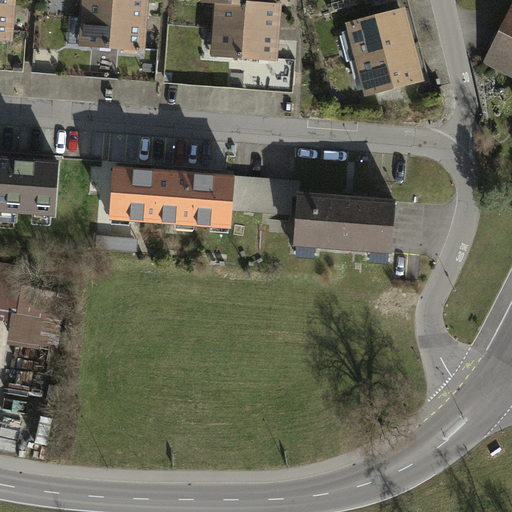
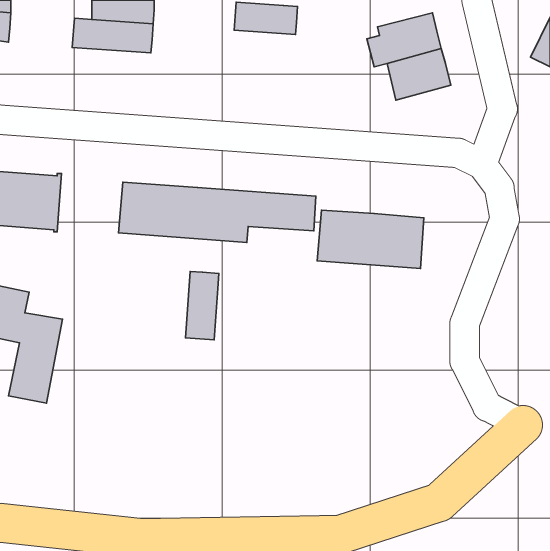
building: [215,28,274,60] -> none
building: none -> [185,272,219,340]

